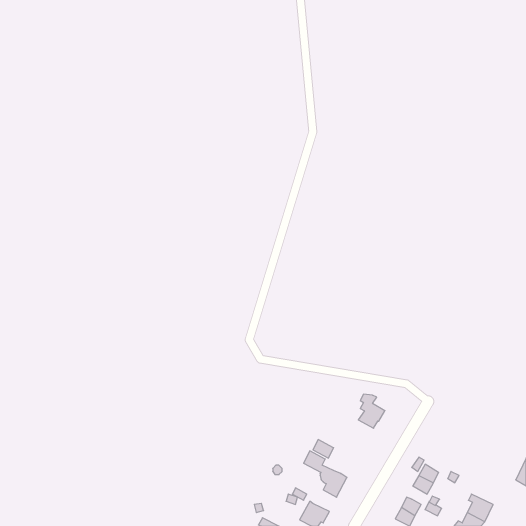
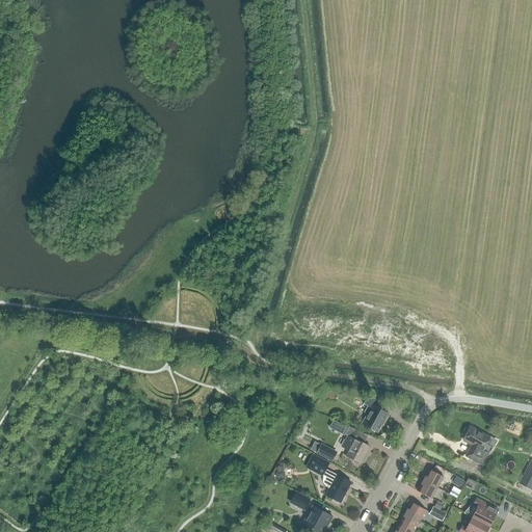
building: none -> [341,426,369,463]
building: none -> [463,427,489,466]

